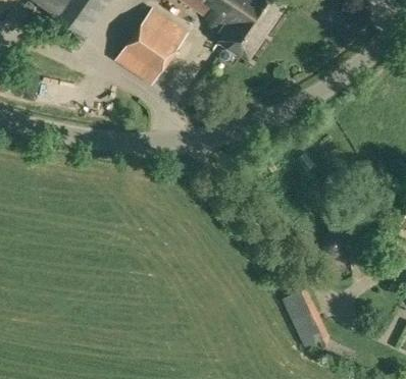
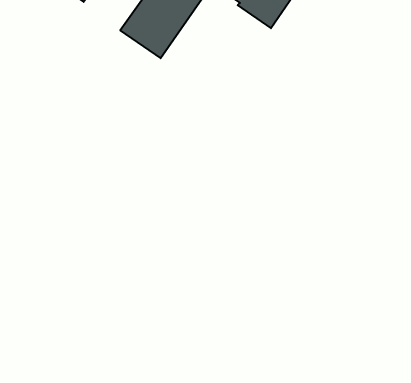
building: [281,287,327,346] -> none

